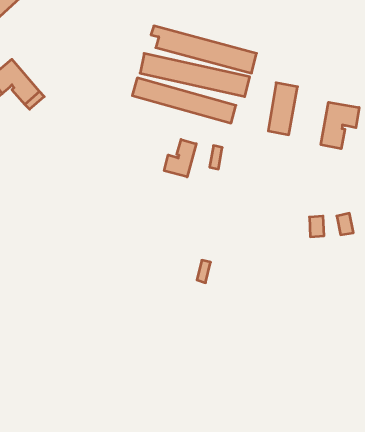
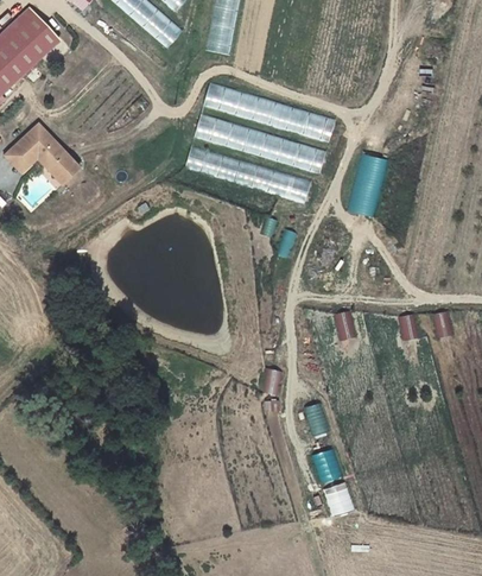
building: [321,102,359,149] -> none
building: [164,139,196,177] -> none
building: none -> [332,309,359,340]

